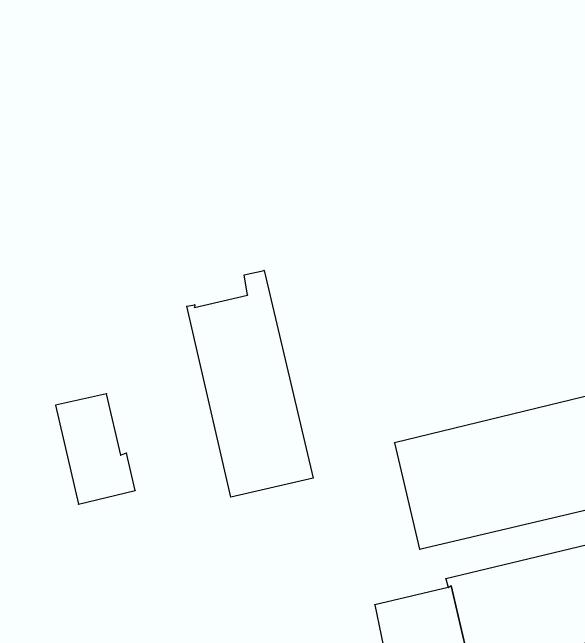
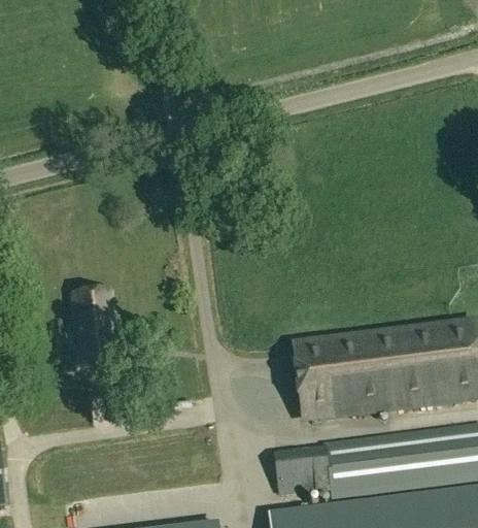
building: [187,270,313,497] -> none

